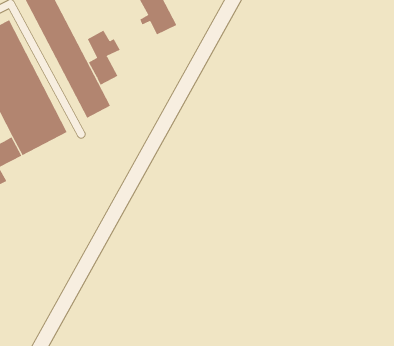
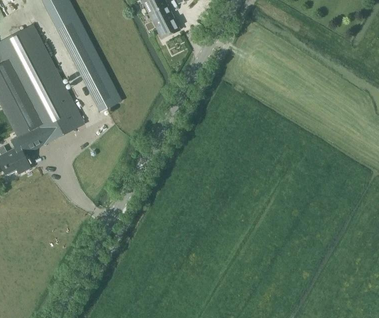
building: [87,30,121,85] -> none

